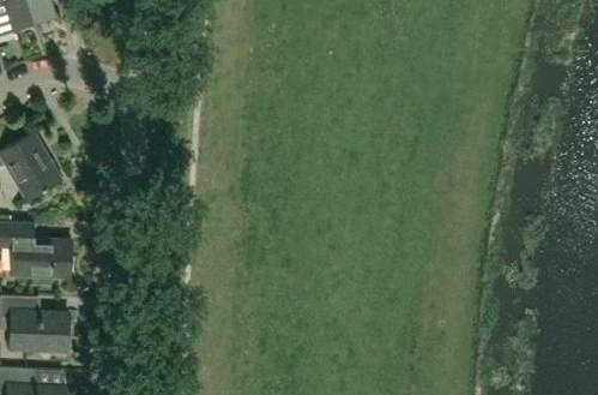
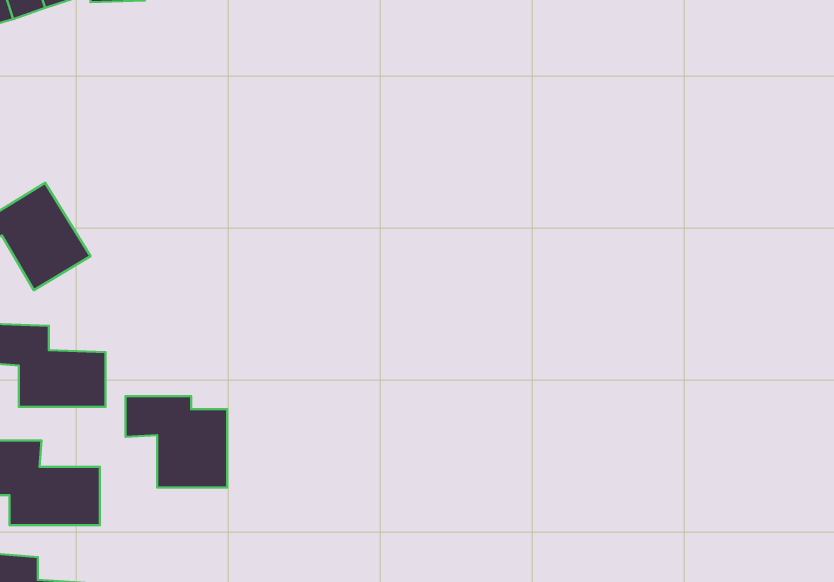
building: none -> [125,396,227,487]

